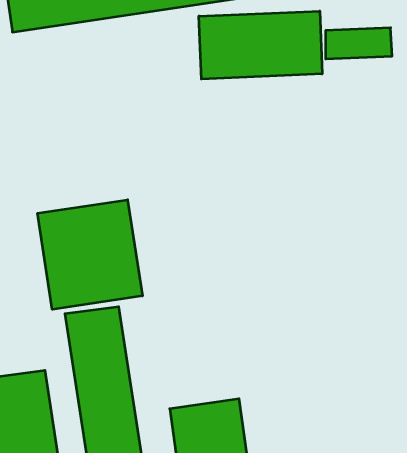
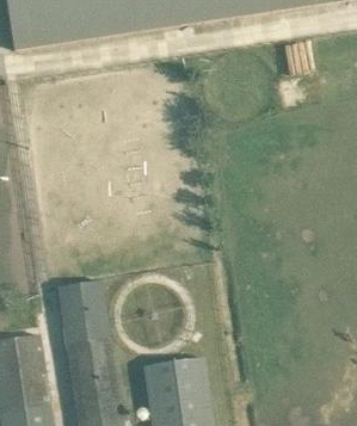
building: [199,11,322,79] -> none
building: [38,200,142,309] -> none

